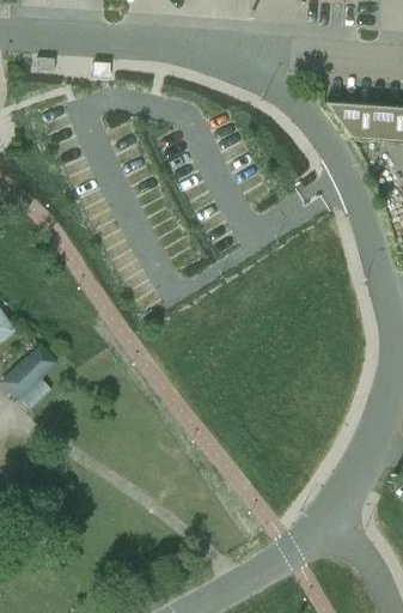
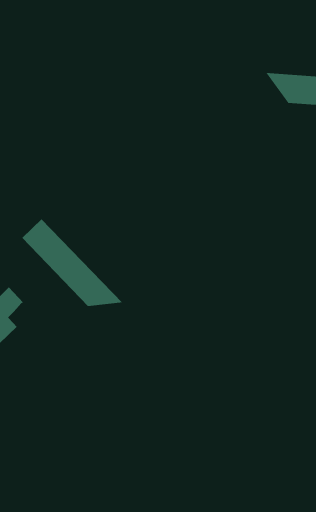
building: none -> [22,218,123,307]

